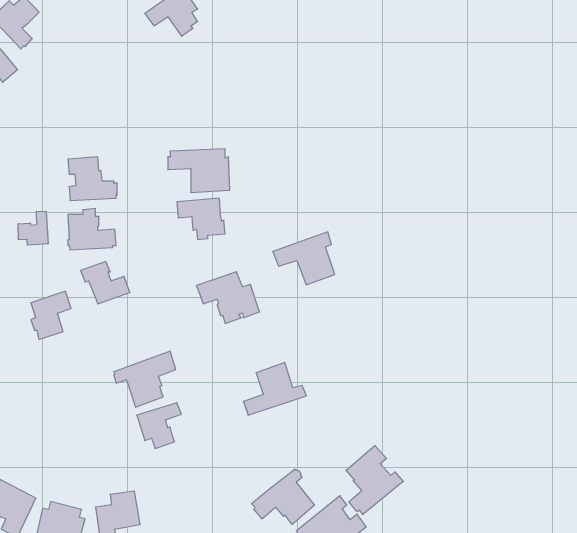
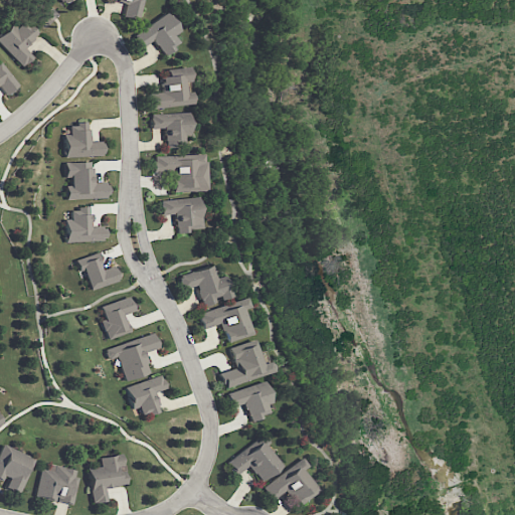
building: none -> [152,66,193,107]
building: none -> [152,112,192,148]
building: none -> [64,121,106,157]
building: [18,211,48,245] -> none
building: [273,232,335,285] -> [199,297,253,343]
building: [31,291,71,339] -> [103,296,138,338]
building: none -> [228,380,273,421]
building: [346,445,403,515] -> none

